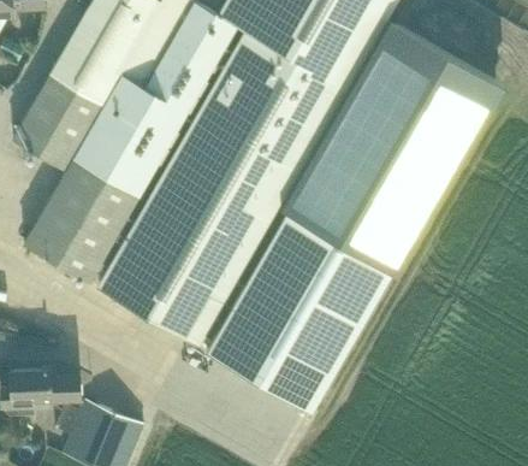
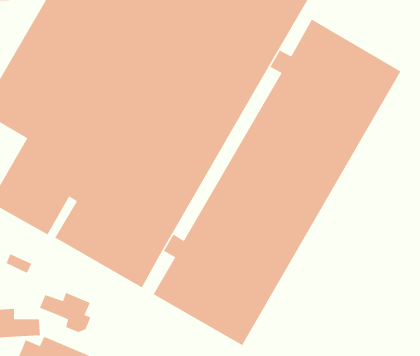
building: none -> [39,292,92,333]

